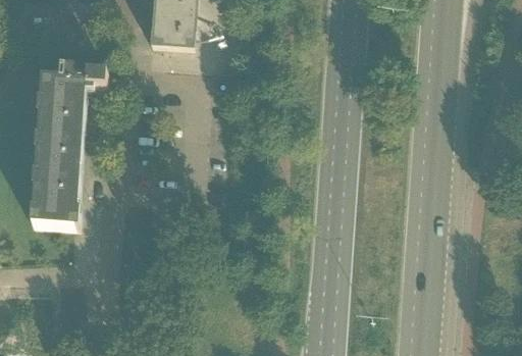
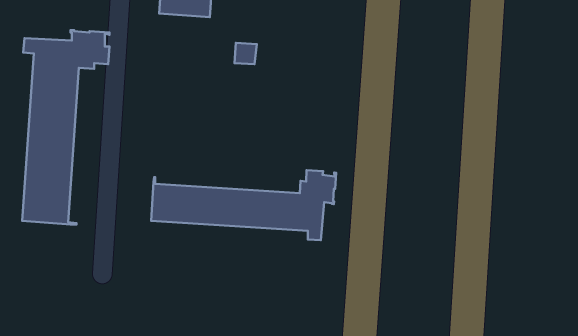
building: none -> [151,170,336,240]

